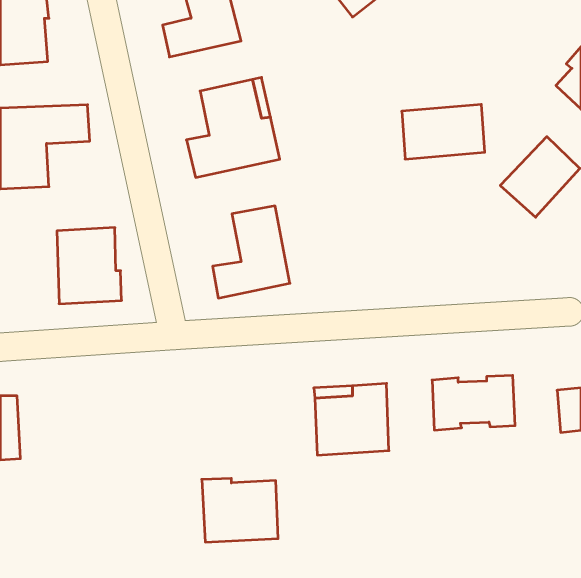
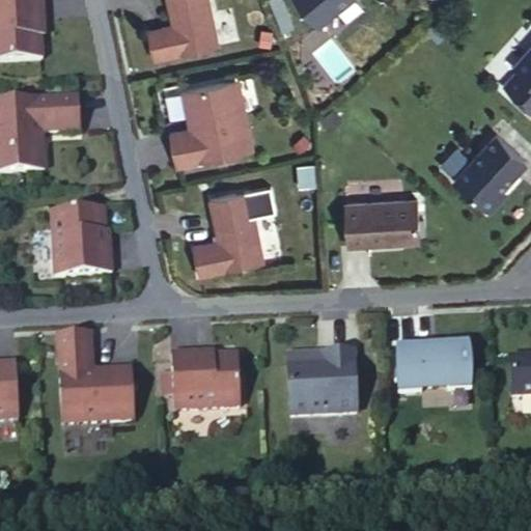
building: [402,104,485,159] -> [347,191,423,241]
building: none -> [57,332,135,423]
building: [202,478,278,542] -> [170,352,240,410]

